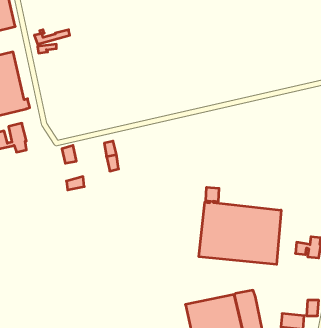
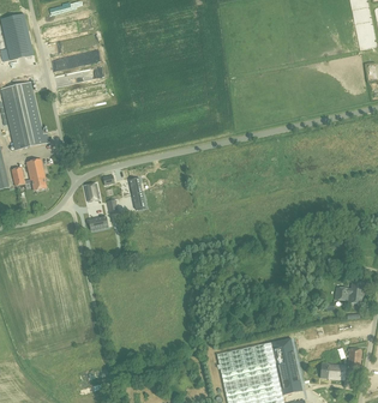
building: [199,187,281,264] -> none

